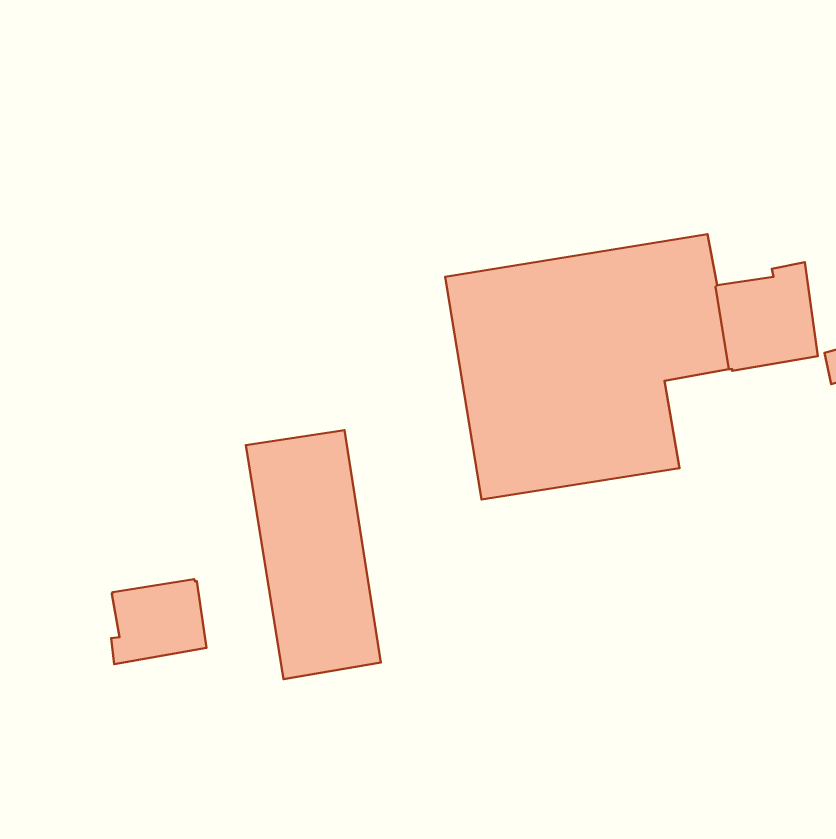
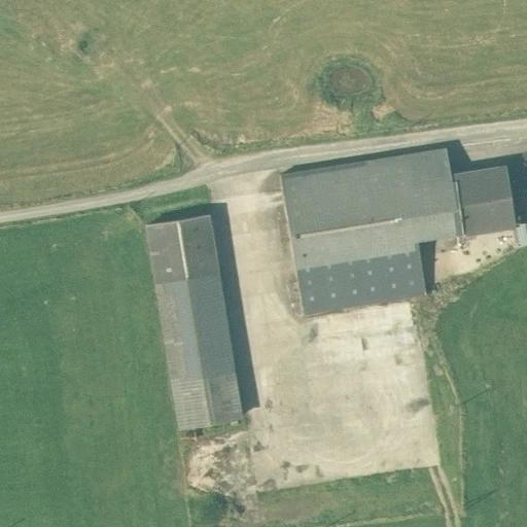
building: none -> [149,214,219,280]
building: [111,579,206,664] -> none

